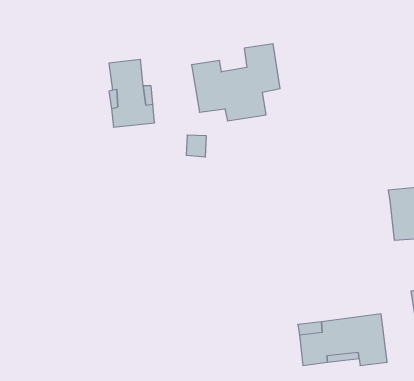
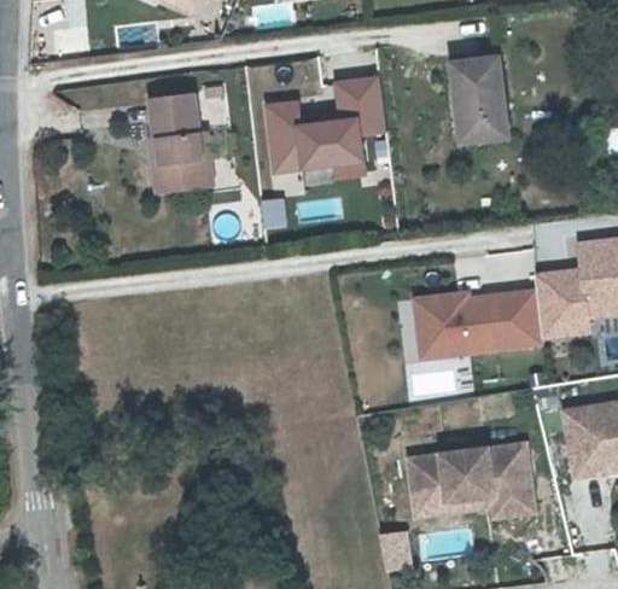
building: none -> [444,51,500,138]
building: none -> [416,287,544,362]

